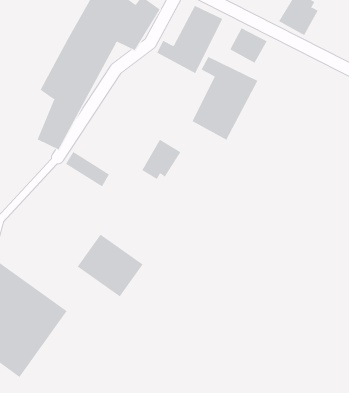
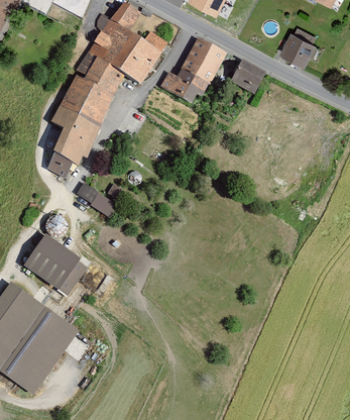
building: [192,56,258,140] -> none
building: [142,139,181,180] -> none
building: [77,234,143,297] -> [24,235,88,296]

